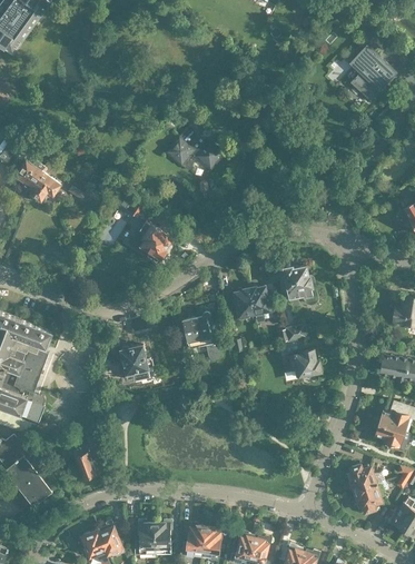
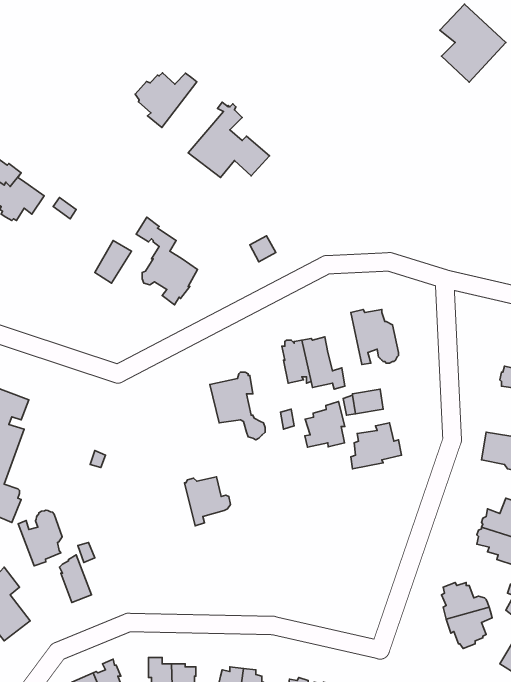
building: none -> [135,73,197,128]
building: none -> [305,402,345,447]
building: [119,346,152,382] -> [184,477,230,526]
building: none -> [18,510,62,566]

